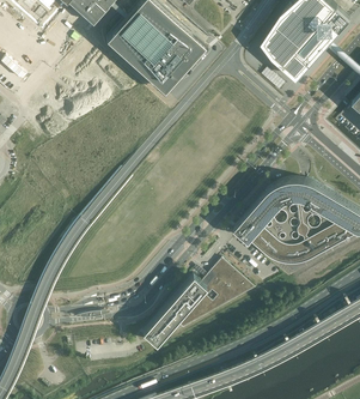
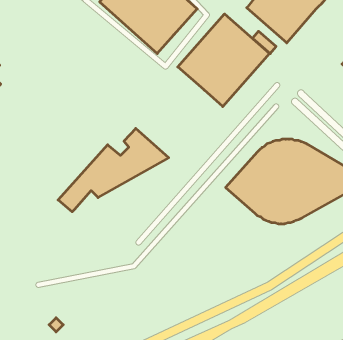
building: none -> [178,14,270,107]
building: [141,259,254,344] -> [58,128,169,212]

